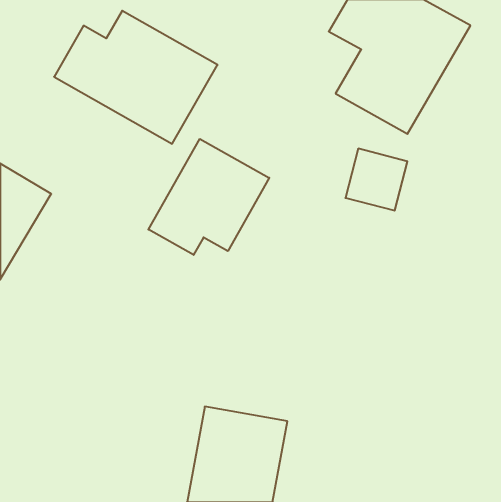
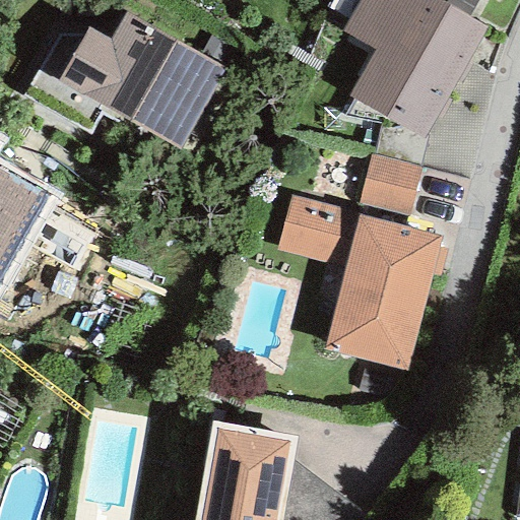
building: [148,139,269,255] -> none
building: none -> [277,194,447,371]

